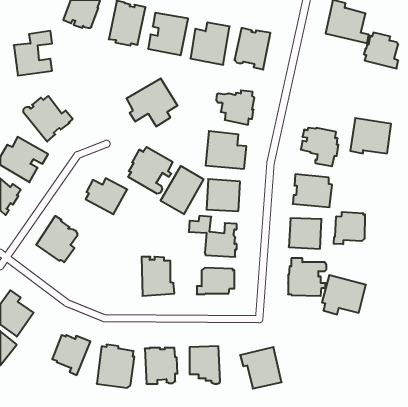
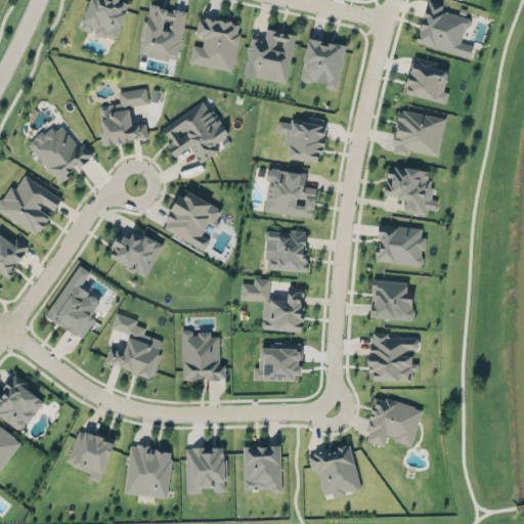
building: [14,31,52,76] -> [99,89,148,146]
building: [364,33,398,69] -> [404,57,448,103]
building: [350,118,391,153] -> [392,112,444,157]
building: [161,166,203,214] -> none
building: [334,212,365,244] -> none
building: none -> [105,313,163,378]
building: [322,275,366,314] -> [365,397,422,447]

